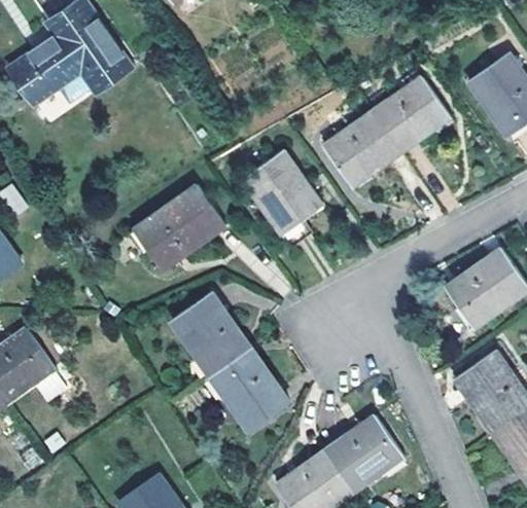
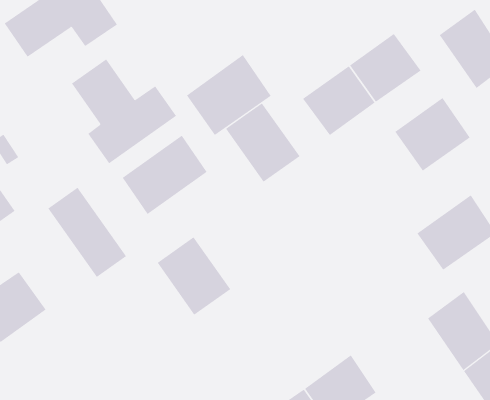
building: none -> [186,54,271,136]
building: none -> [71,58,177,164]
building: none -> [394,97,470,171]
building: none -> [47,187,127,278]
building: [210,347,287,429] -> none

